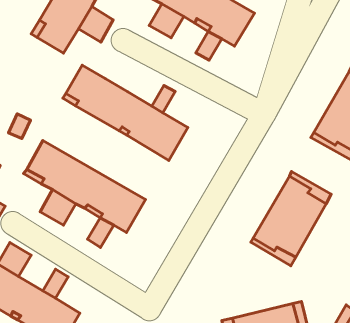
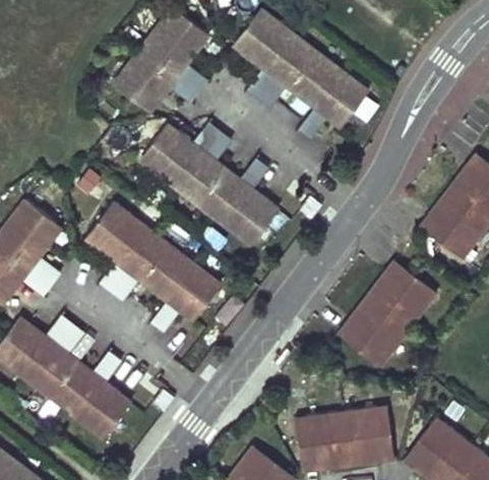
building: none -> [192,119,232,159]

